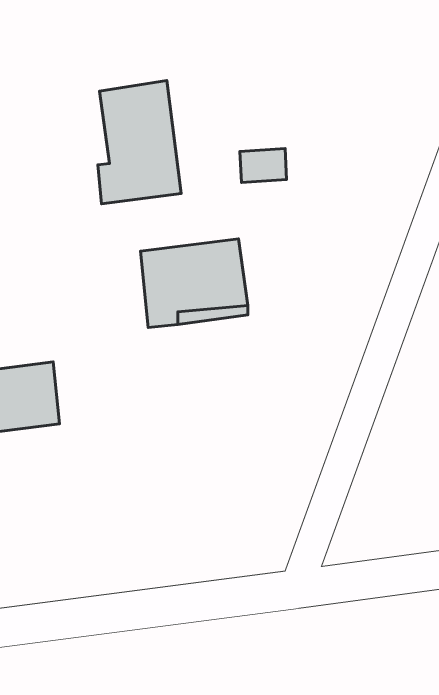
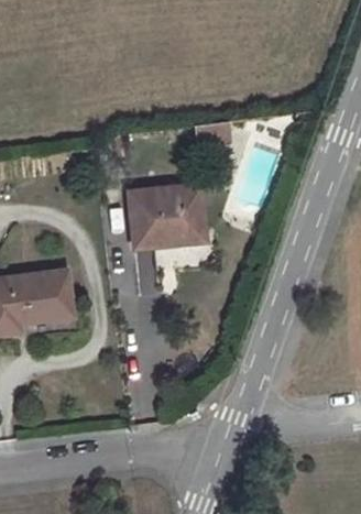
building: [98,81,181,204] -> none

